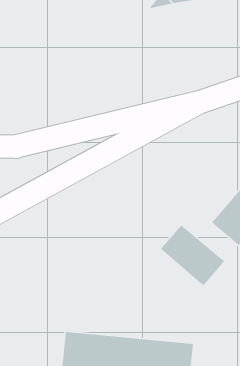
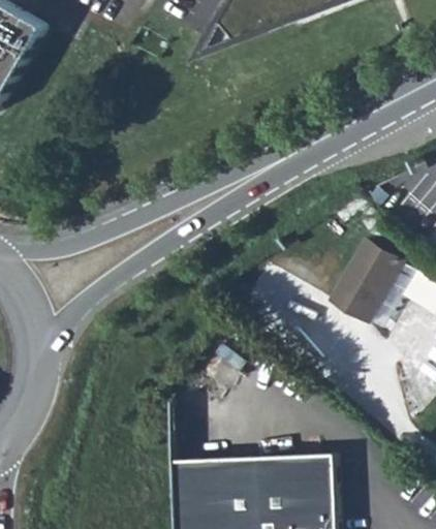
building: [160,224,225,287] -> none

